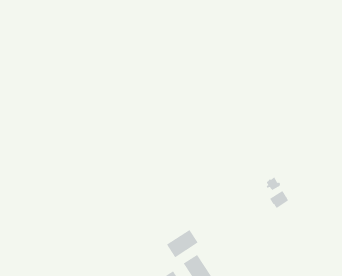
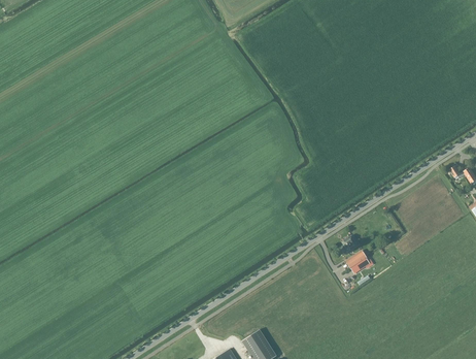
building: [166,229,199,258] -> none

